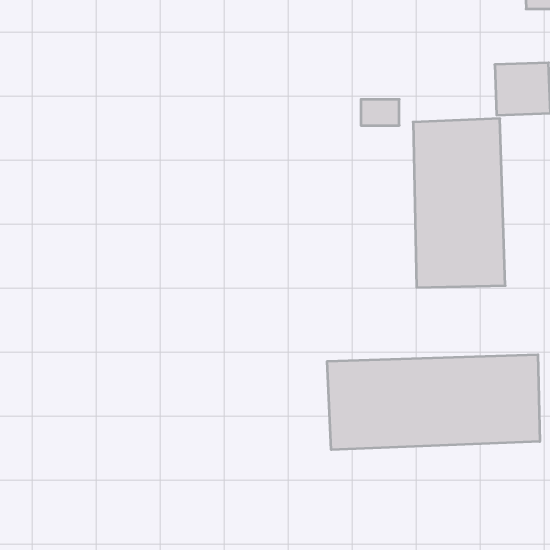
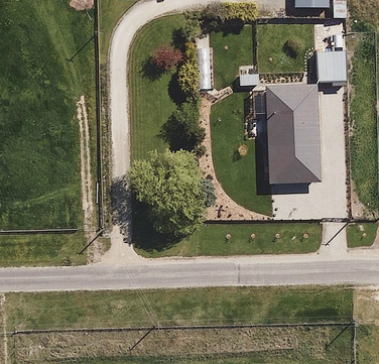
building: [327,355,540,450] -> none

